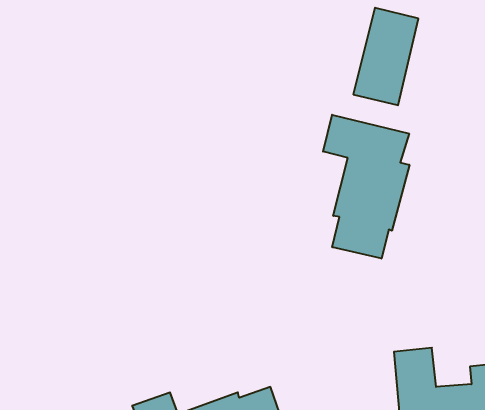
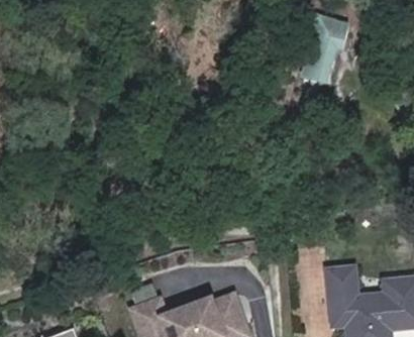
building: [323,115,409,259] -> none

